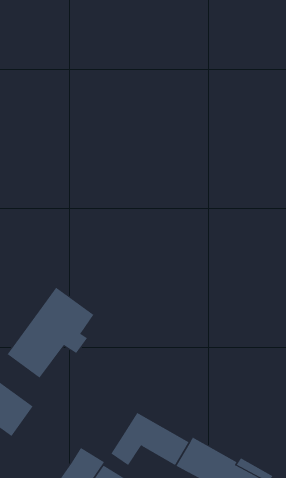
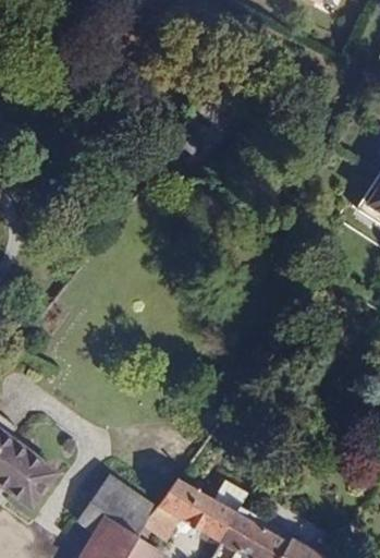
building: [7,287,94,379] -> none
building: none -> [78,474,160,536]

